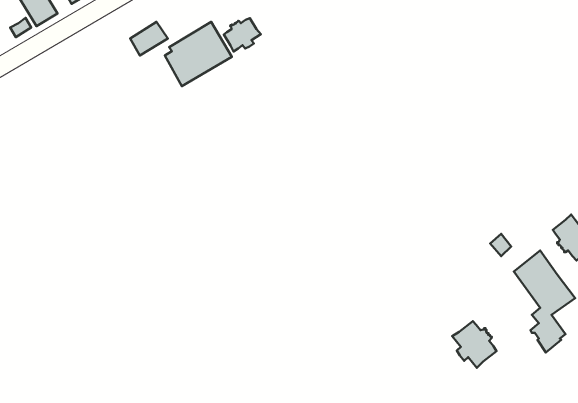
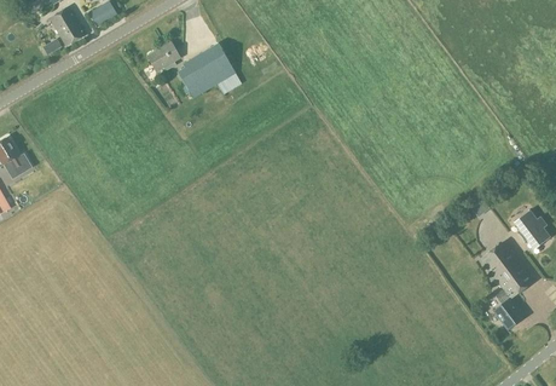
building: [224,18,261,51] -> none
building: [452,321,497,368] -> none

